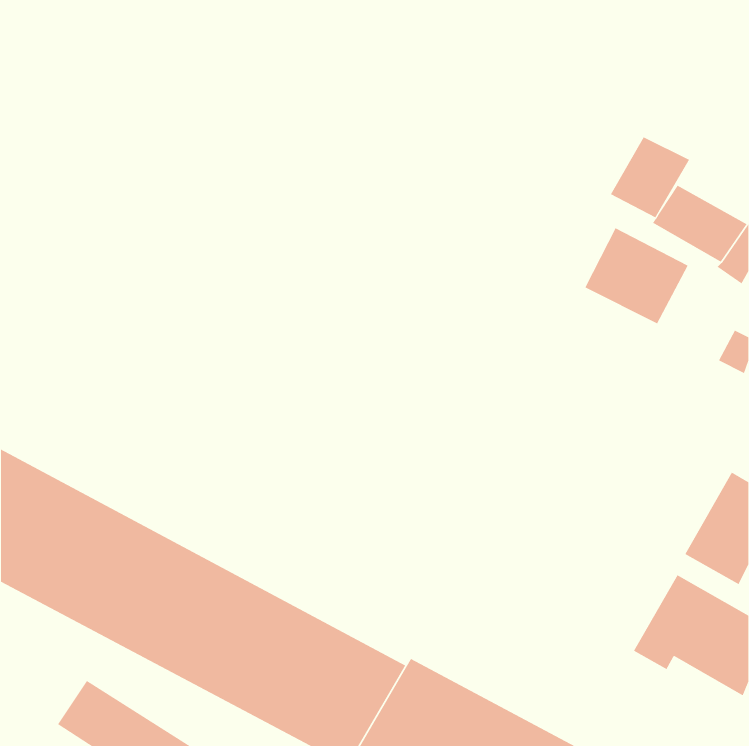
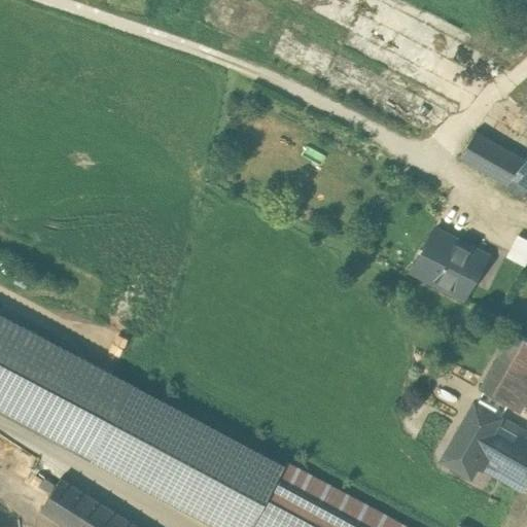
building: [610,137,690,218] -> none
building: [584,228,688,324] -> [412,231,485,298]

